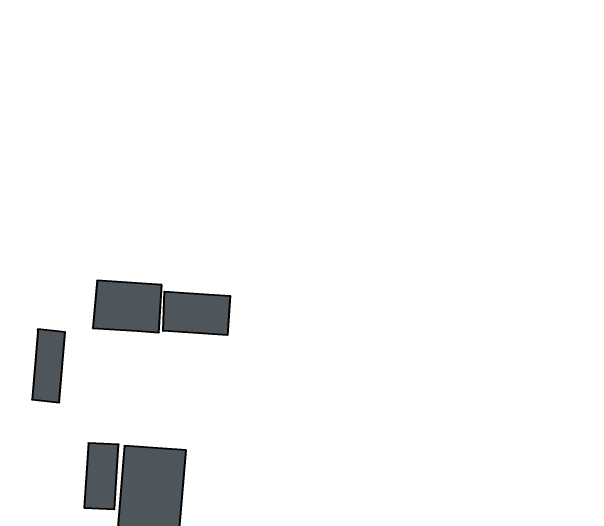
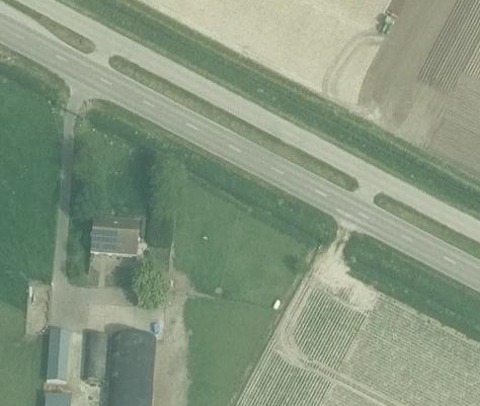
building: [163,292,230,335] -> none
building: [32,329,65,402] -> [47,329,70,381]

